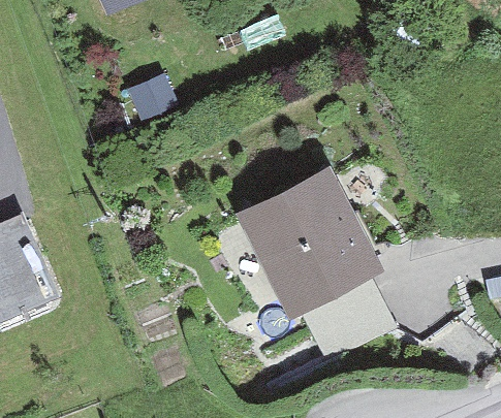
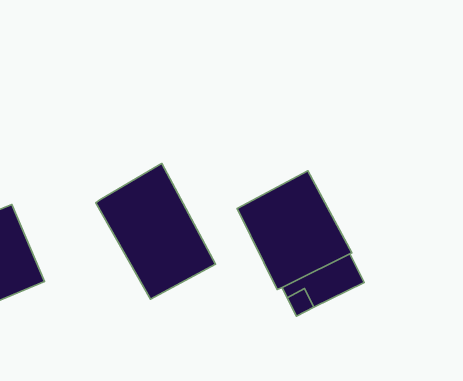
building: none -> [96,163,216,299]

